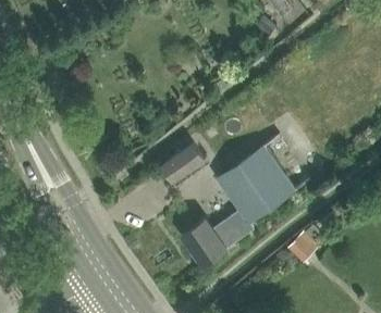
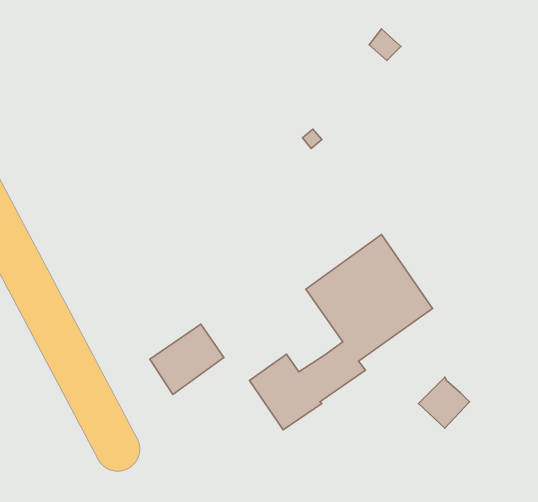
building: [162,145,208,188] -> [150,324,224,394]

